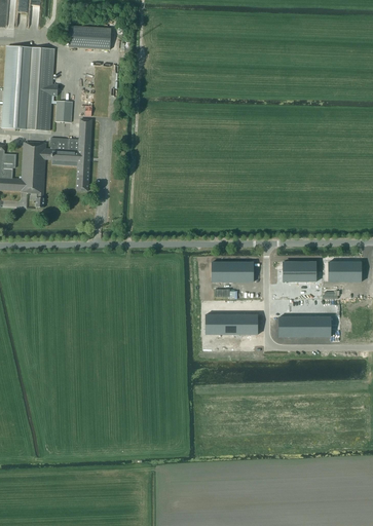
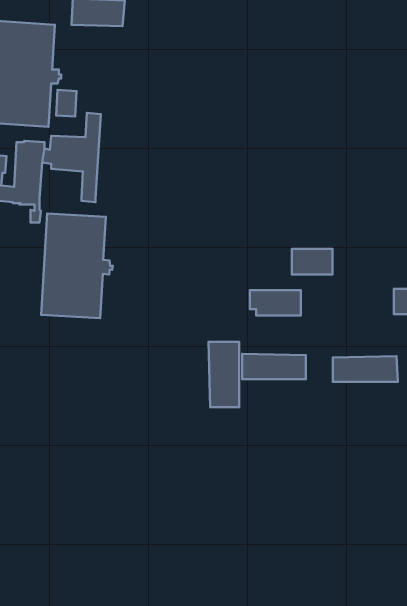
building: none -> [41,213,113,318]
building: [283,261,315,281] -> [292,249,333,274]
building: none -> [209,342,239,407]

